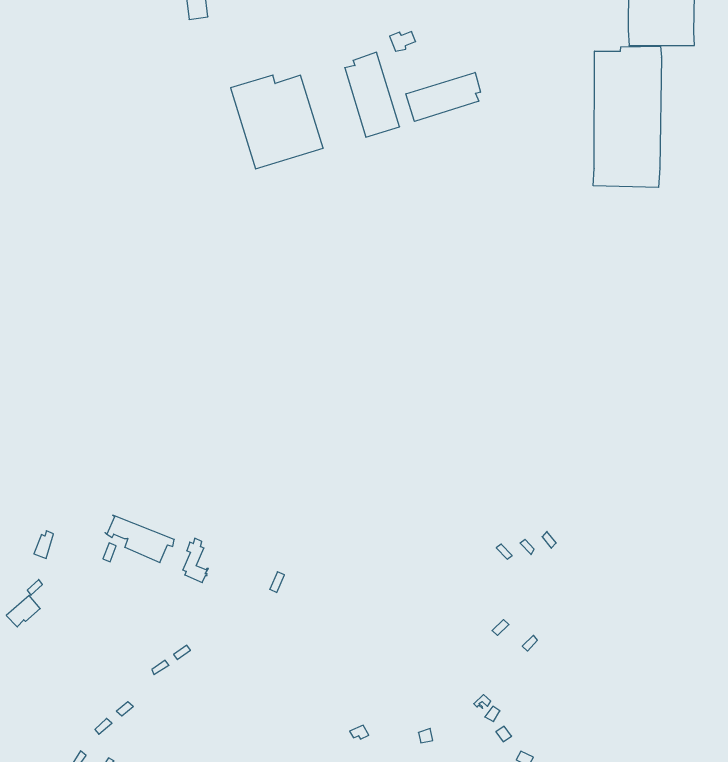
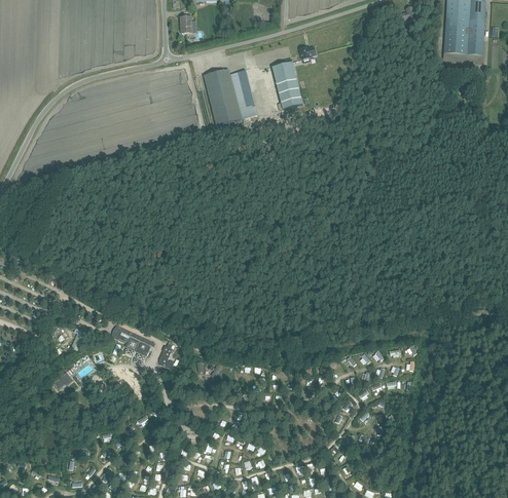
building: [593,46,661,187] -> none
building: [406,72,480,121] -> none

